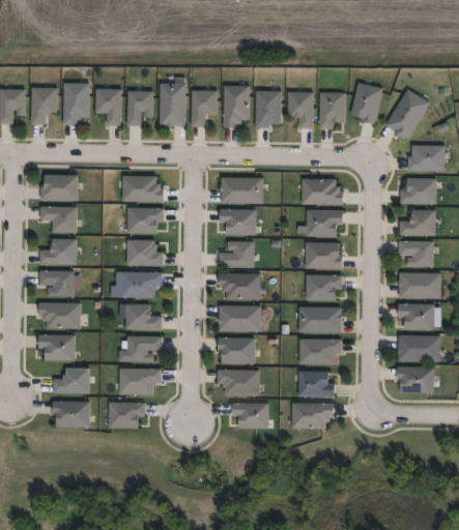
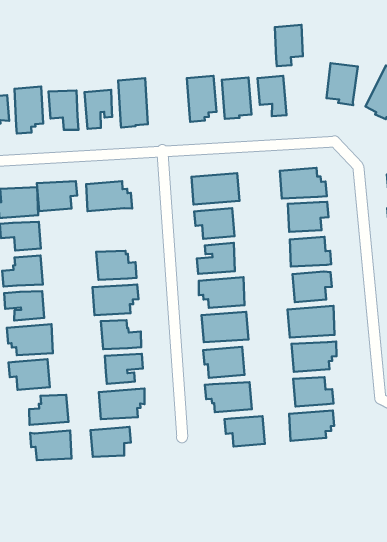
building: [192,90,218,126] -> none
building: [320,92,346,128] -> [275,25,303,66]
building: [127,207,164,233] -> [37,181,77,211]

